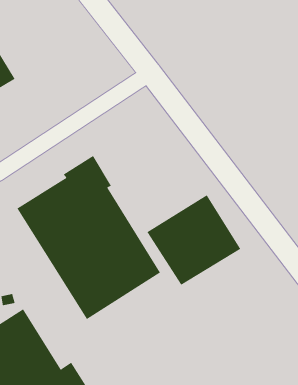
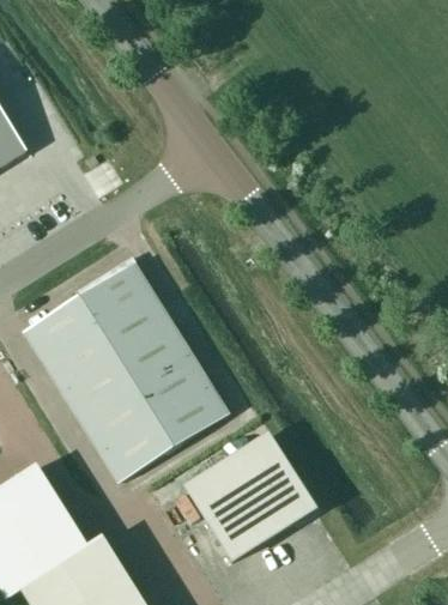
building: [147,194,241,286] -> [186,434,315,558]

